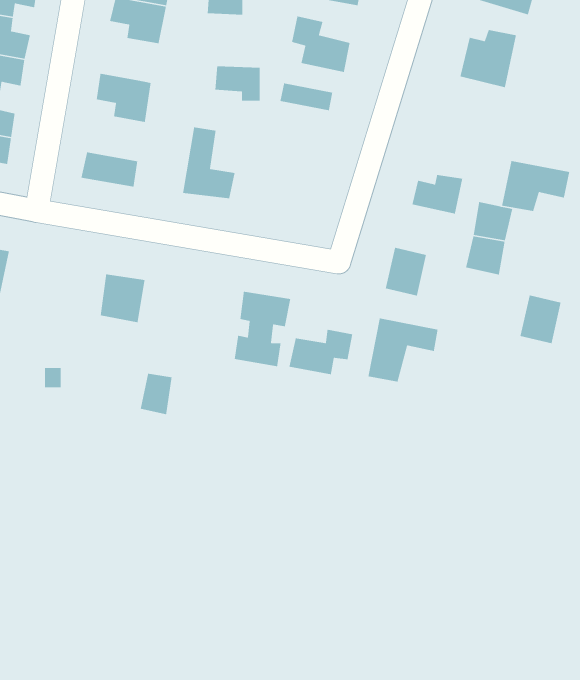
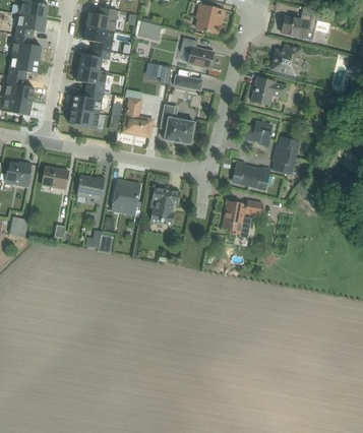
building: none -> [79,49,111,71]
building: none -> [72,90,104,114]
building: none -> [160,104,196,143]
building: [501,160,570,212] -> [251,76,288,104]
building: none -> [41,165,69,189]
building: none -> [111,178,140,214]
building: [519,294,562,344] -> [248,164,270,190]
building: [289,329,353,375] -> none

